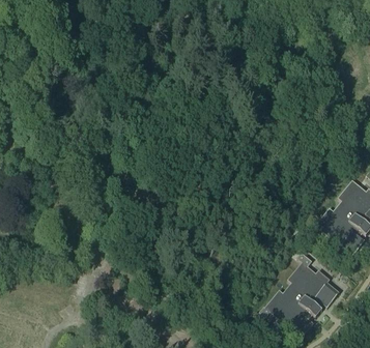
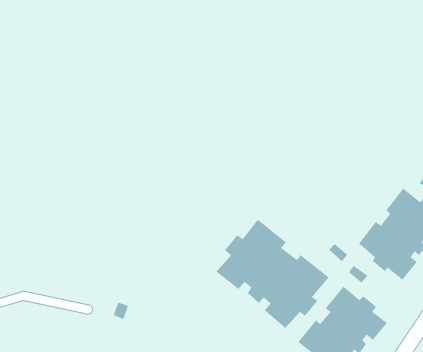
building: none -> [216,219,329,329]

